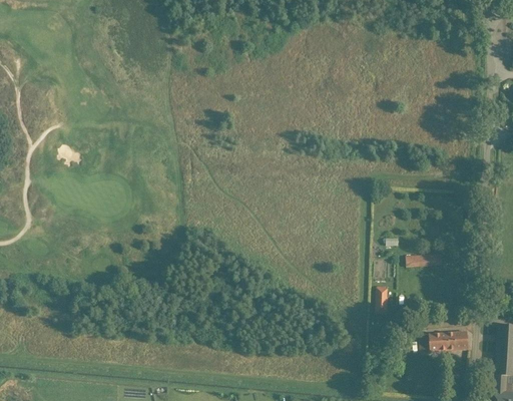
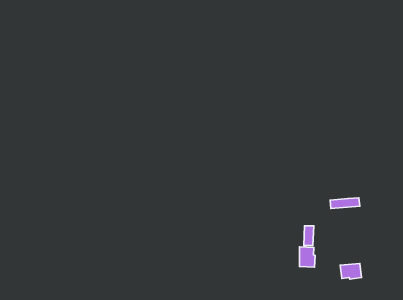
building: none -> [299,247,315,267]
building: [447,330,473,350] -> none

